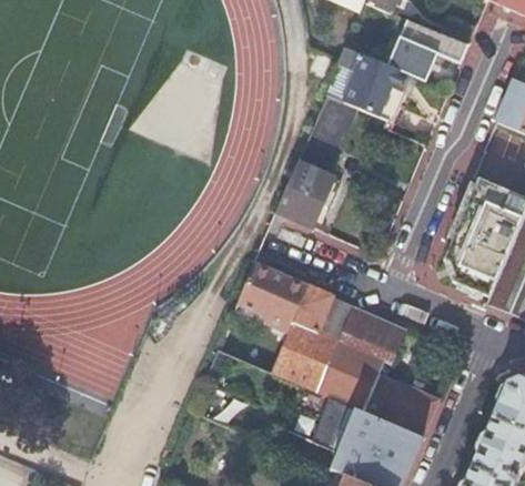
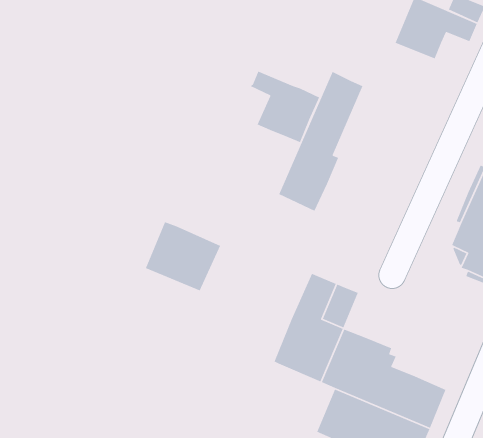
building: [339,49,406,119] -> [250,70,320,143]
building: [234,263,307,331] -> [145,221,221,292]
building: [339,305,406,362] -> none

